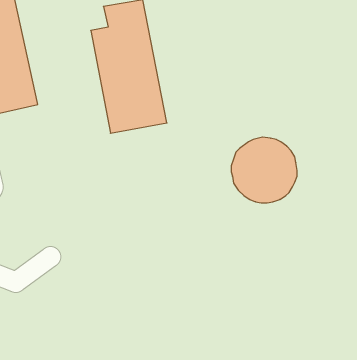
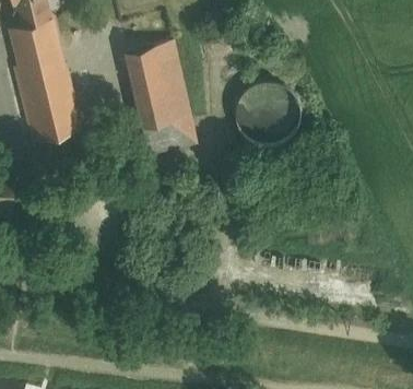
building: [231,137,297,203] -> [239,79,302,141]

